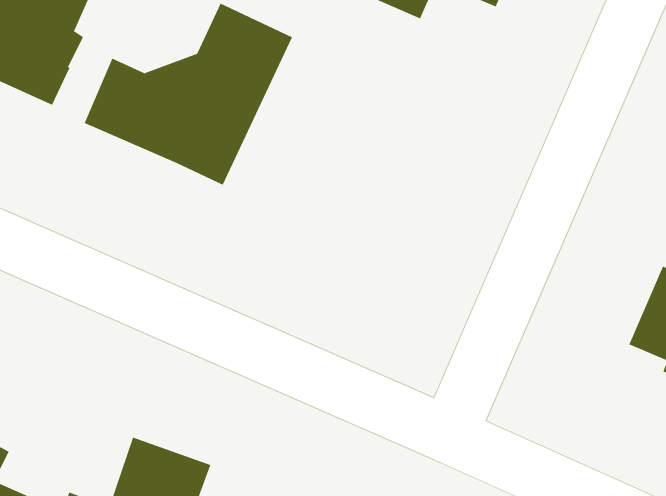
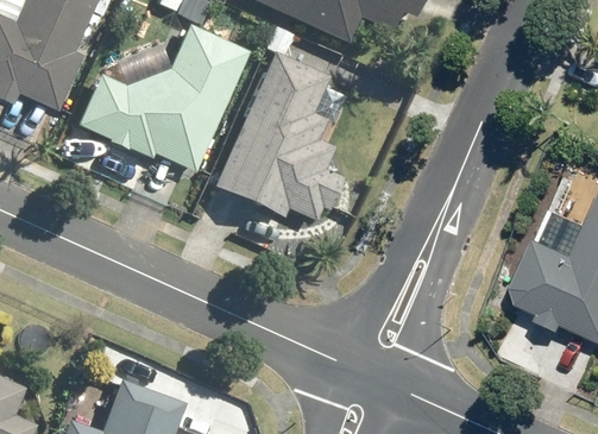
building: none -> [219,54,348,219]

